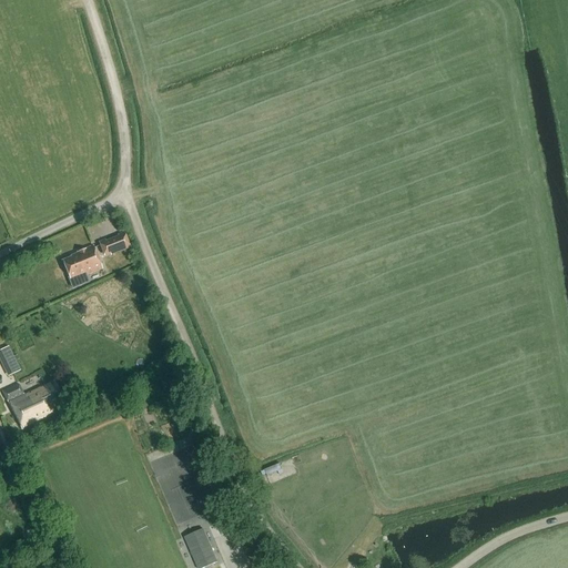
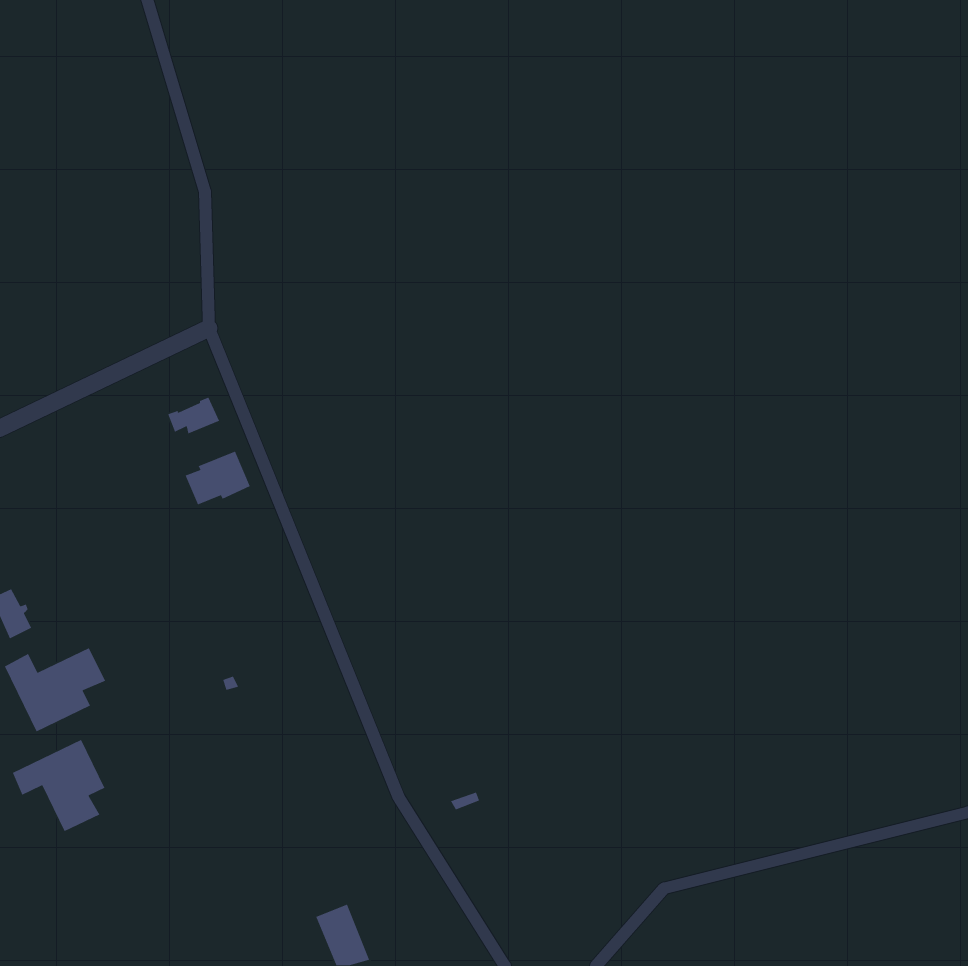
building: [62,245,101,277] -> [184,451,251,506]
building: none -> [12,739,106,832]

